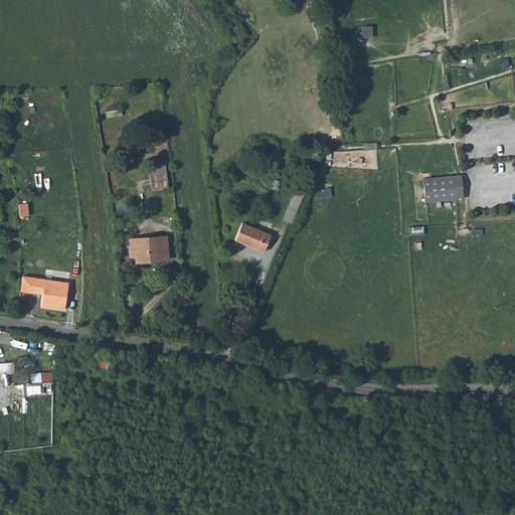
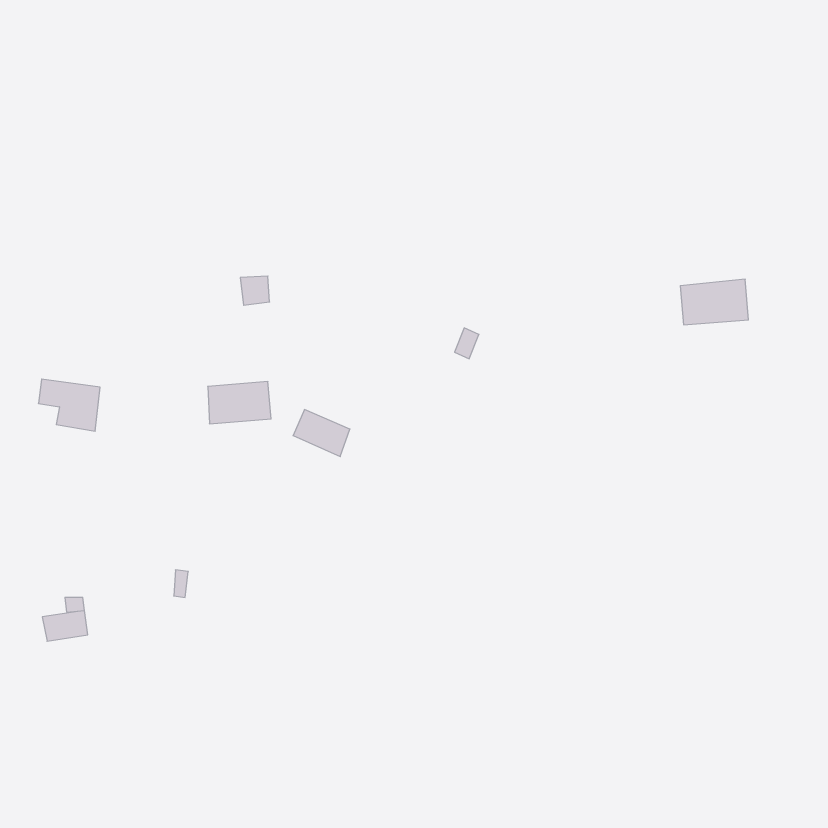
building: [234,222,270,251] -> [293,410,350,457]
building: [29,278,67,310] -> [38,379,100,431]

